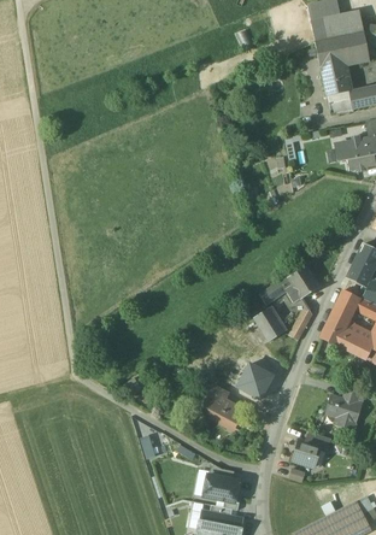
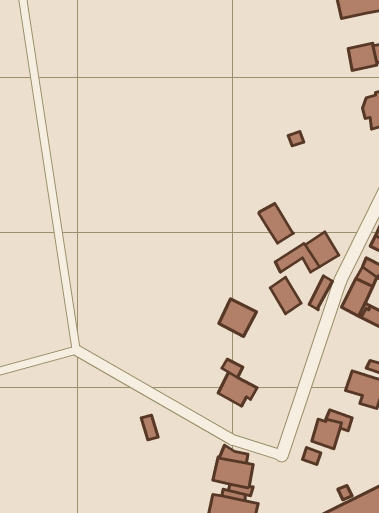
building: [322,63,351,95] -> none
building: none -> [259,203,294,243]
building: [239,363,274,398] -> [219,299,256,337]

